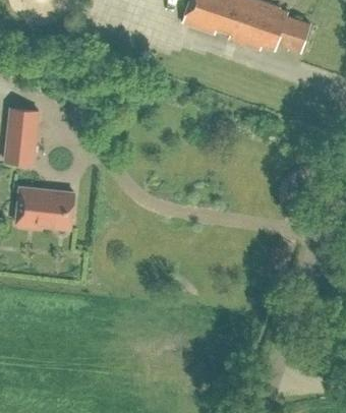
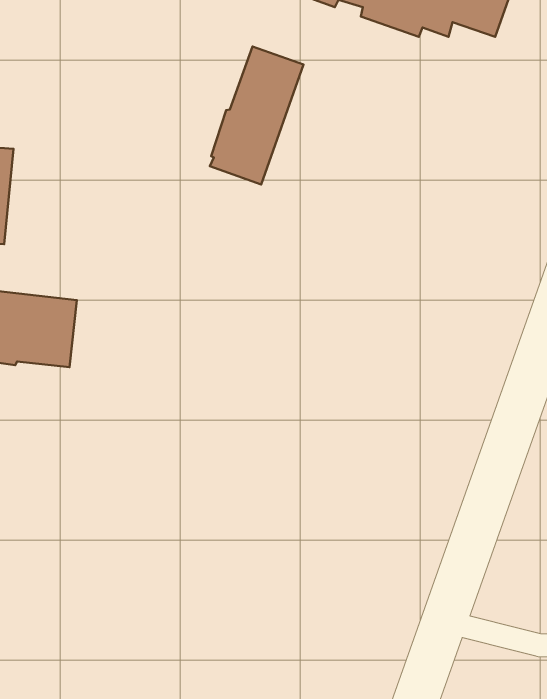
building: none -> [210,46,304,184]

